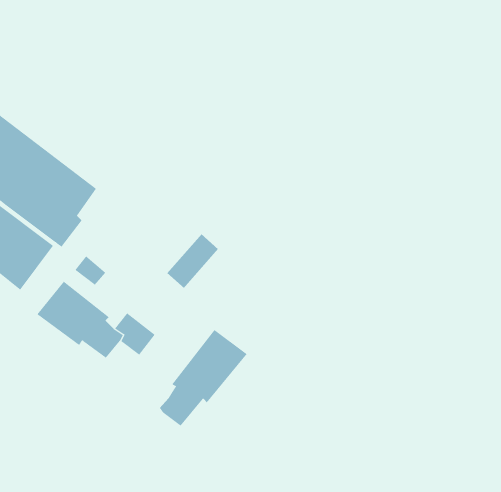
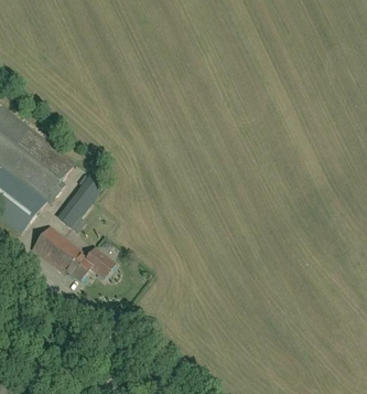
building: [167,233,219,289] -> [68,173,105,212]
building: [159,329,247,426] -> none

